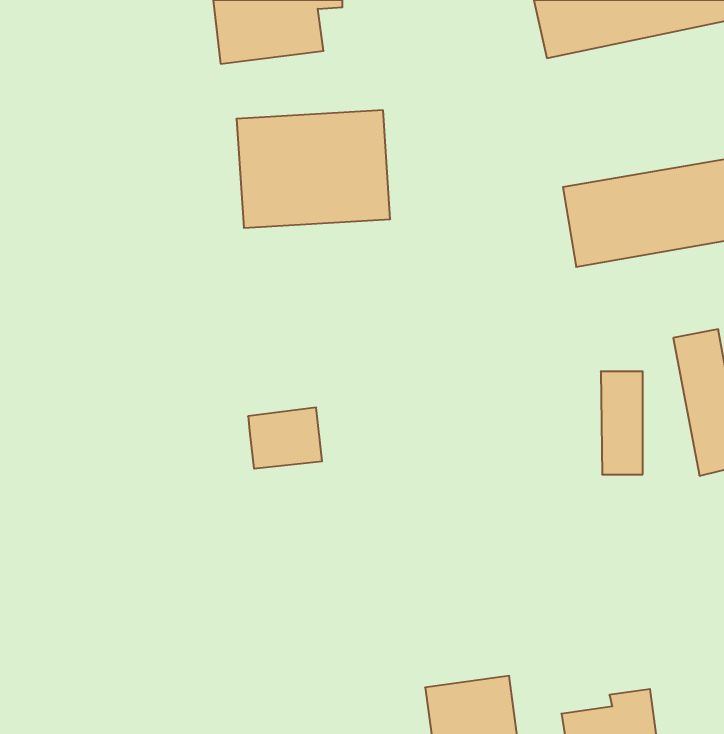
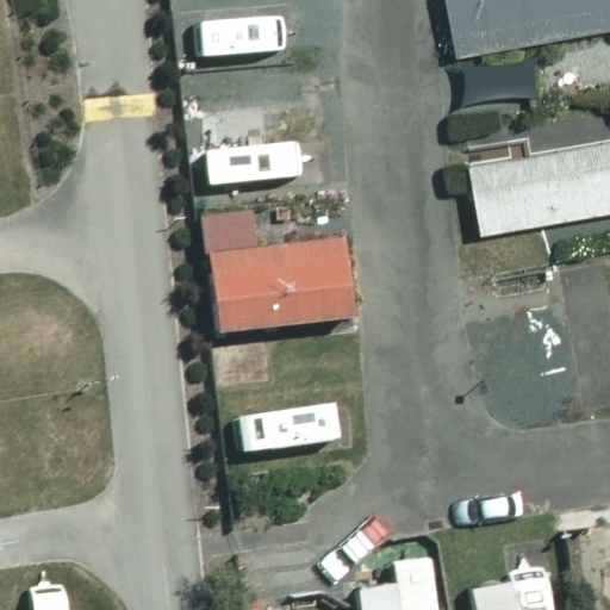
building: none -> [205,213,351,332]

